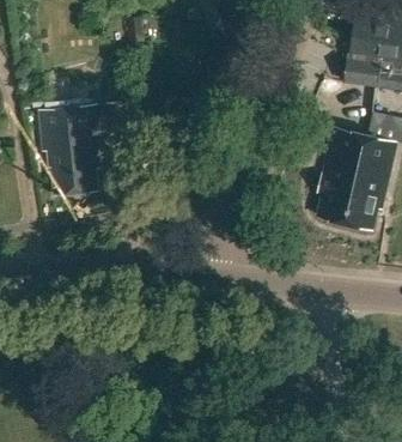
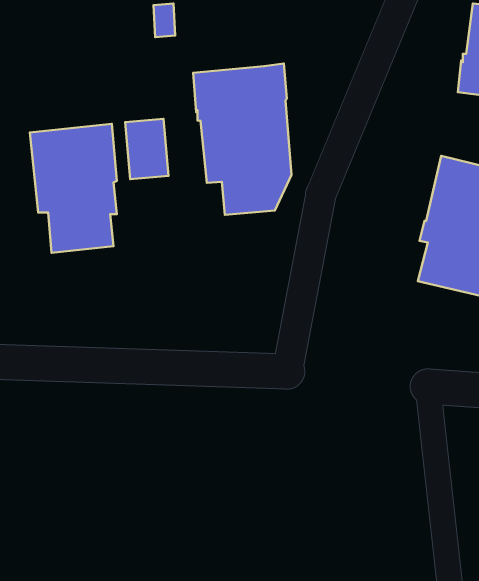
building: none -> [193,63,291,215]

